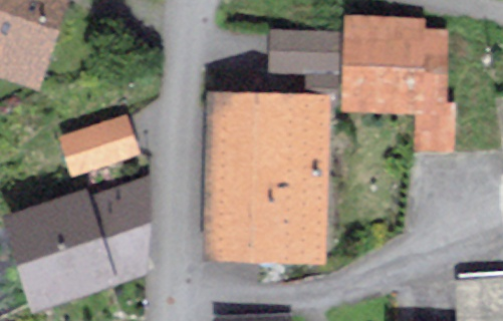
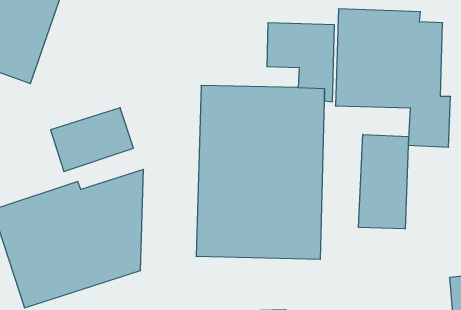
building: none -> [359,134,409,229]

